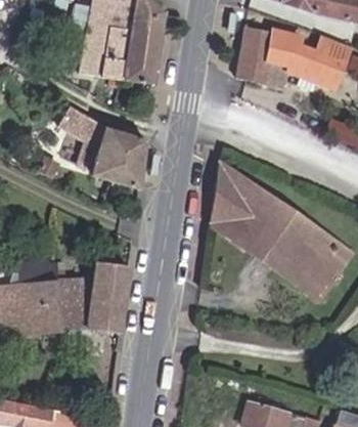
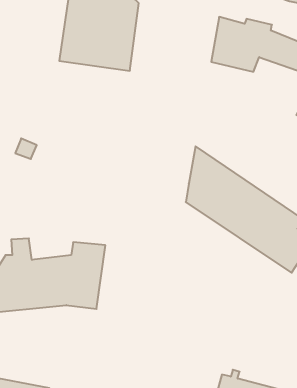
building: [55,106,144,188] -> none

